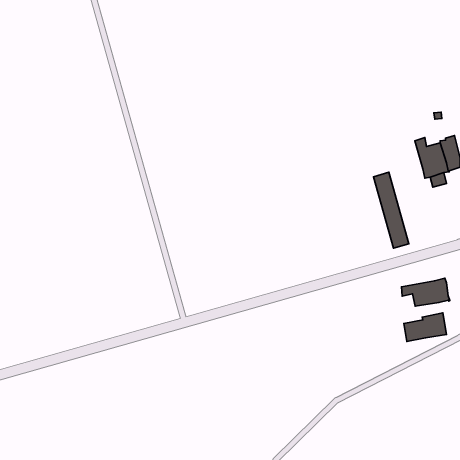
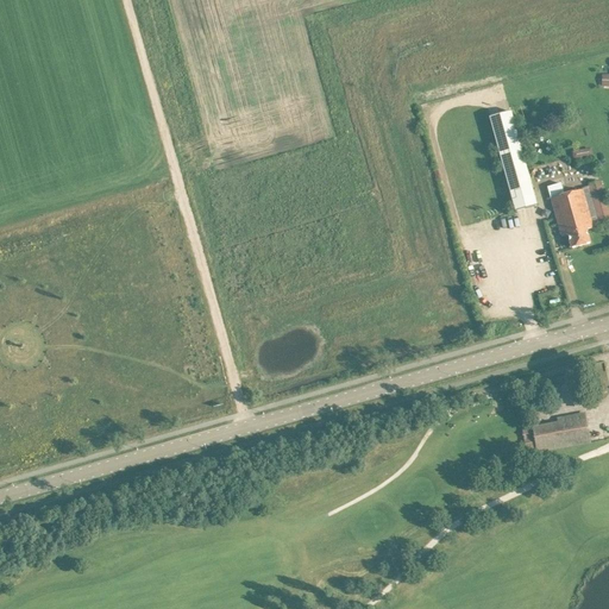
building: [374,172,409,248] -> [488,109,534,209]
building: [401,278,450,306] -> none

